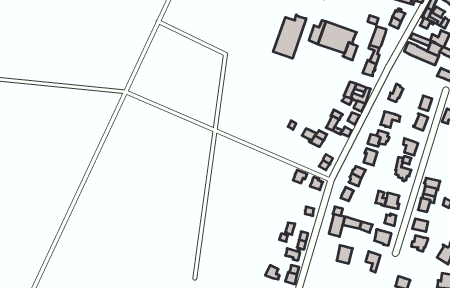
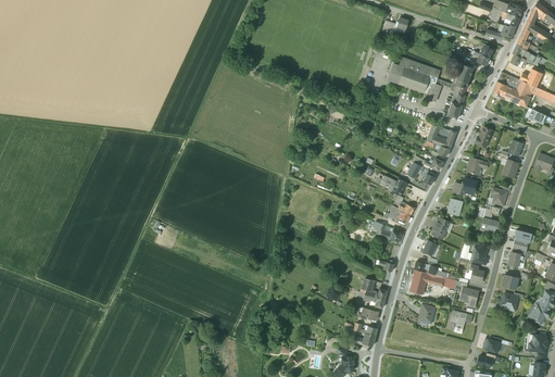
building: [273,15,306,58] -> none

